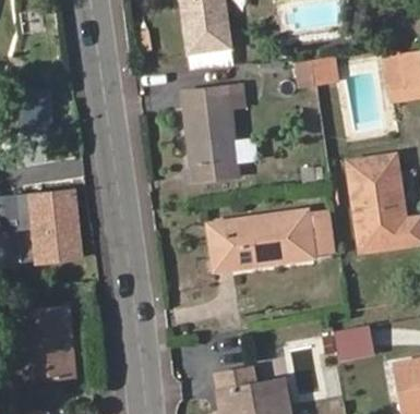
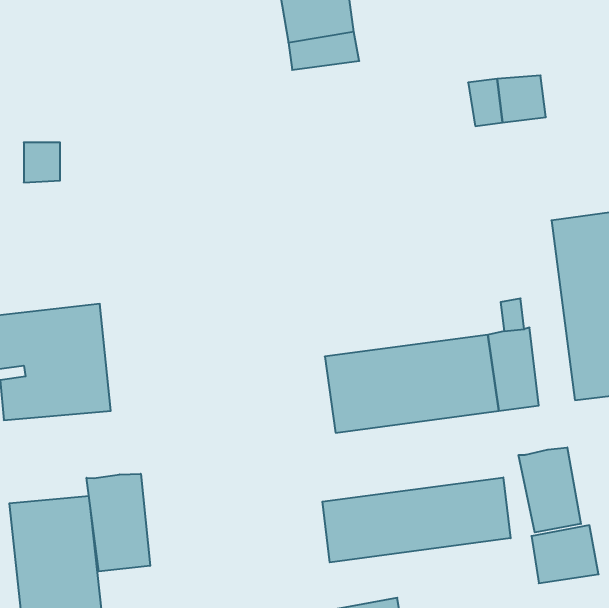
building: [182,87,243,180] -> none
building: none -> [519,447,581,532]
building: none -> [87,474,150,571]
building: none -> [322,477,511,562]

